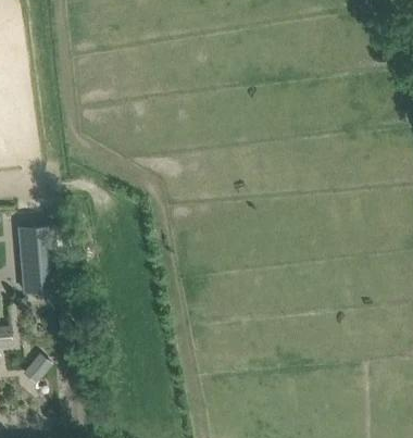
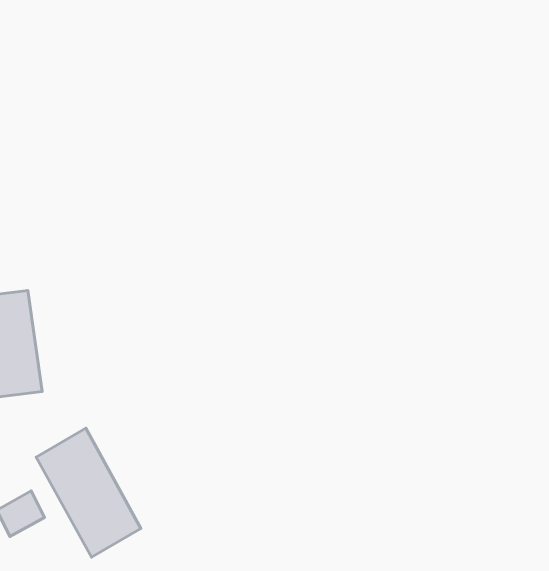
building: none -> [36,428,141,557]

